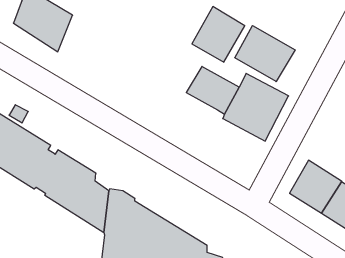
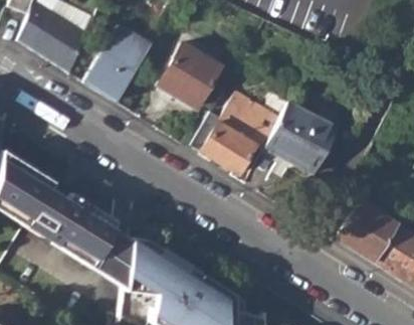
building: [192,7,245,62] -> [159,43,220,108]
building: none -> [85,26,153,103]
building: [235,26,295,82] -> none
building: none -> [202,123,257,174]

